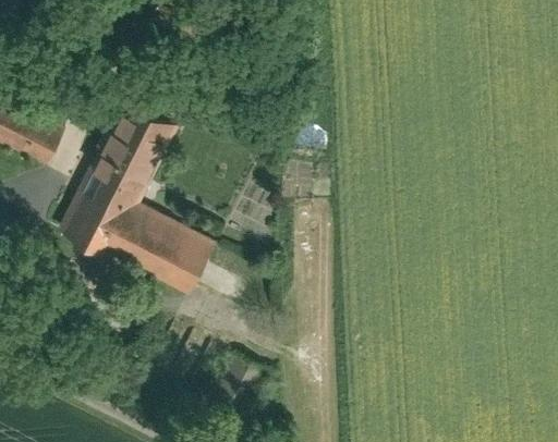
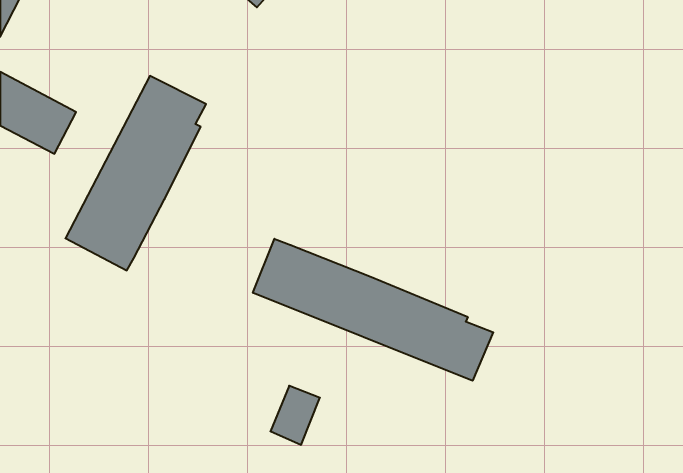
building: [110,202,215,292] -> none
building: none -> [253,239,493,381]

